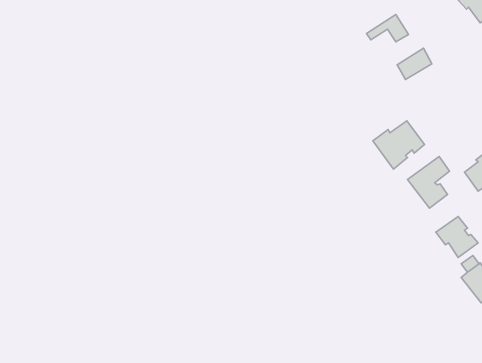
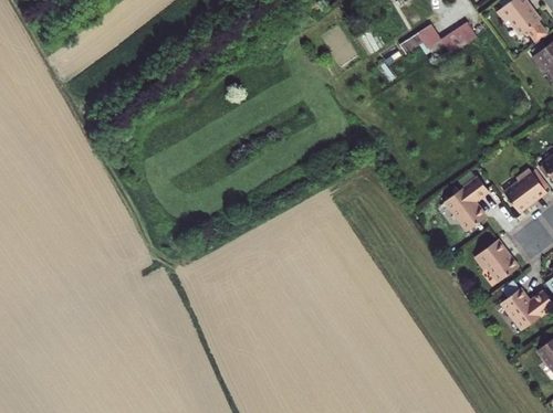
building: [397,48,432,80] -> [444,20,480,53]
building: [373,121,425,169] -> none

